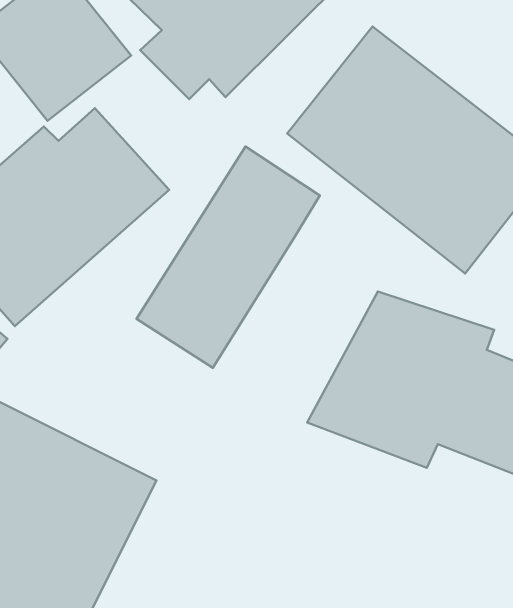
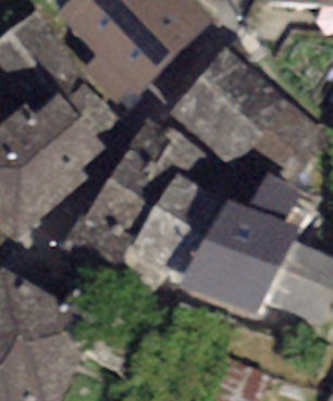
building: none -> [128,173,227,284]

